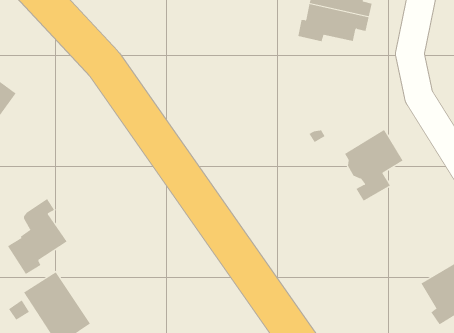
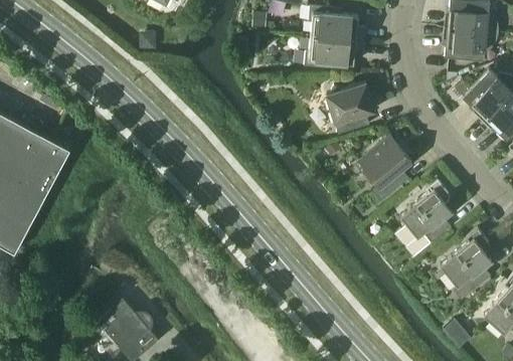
building: none -> [324,82,374,134]
building: none -> [395,179,452,256]
building: [7,198,67,275] -> none

